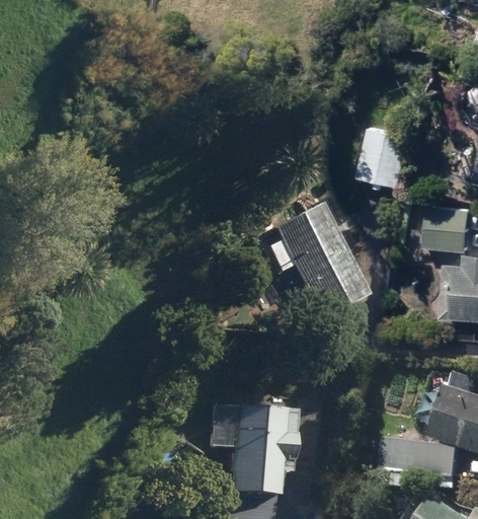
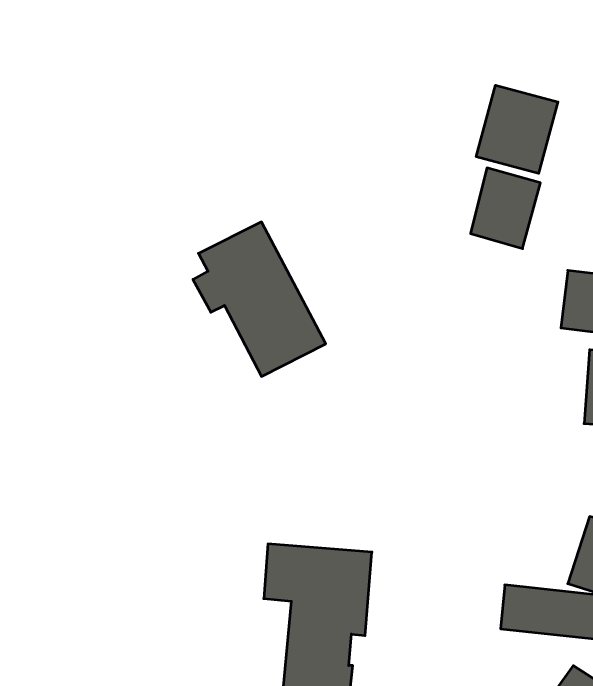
building: none -> [476,85,558,173]
building: [264,205,363,319] -> [193,222,326,376]

